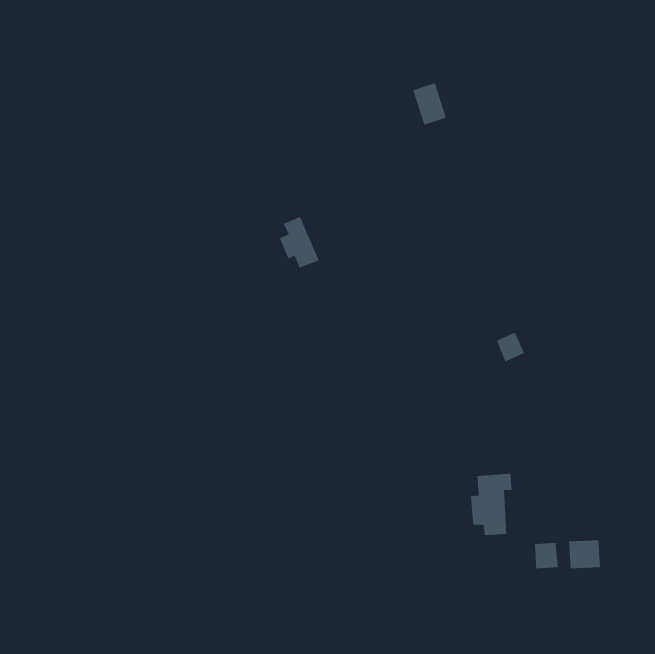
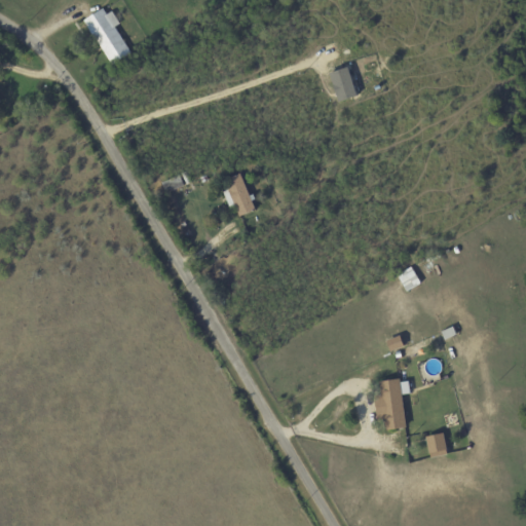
building: none -> [84,5,130,64]
building: [568,539,601,569] -> none

